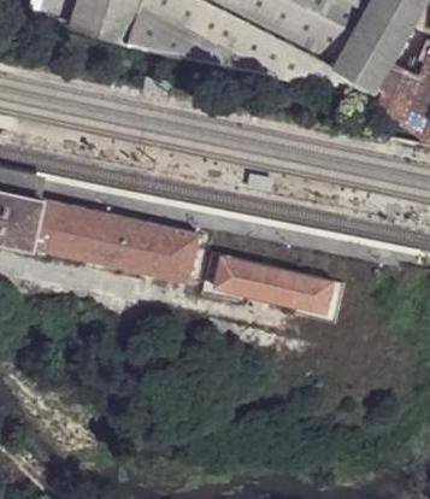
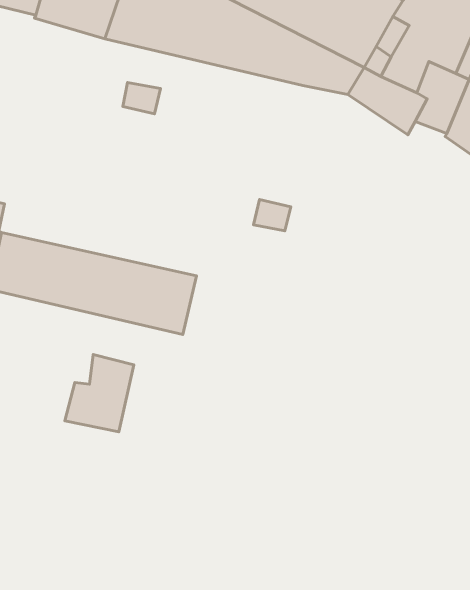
building: [210,254,330,311] -> none
building: none -> [65,355,134,432]

